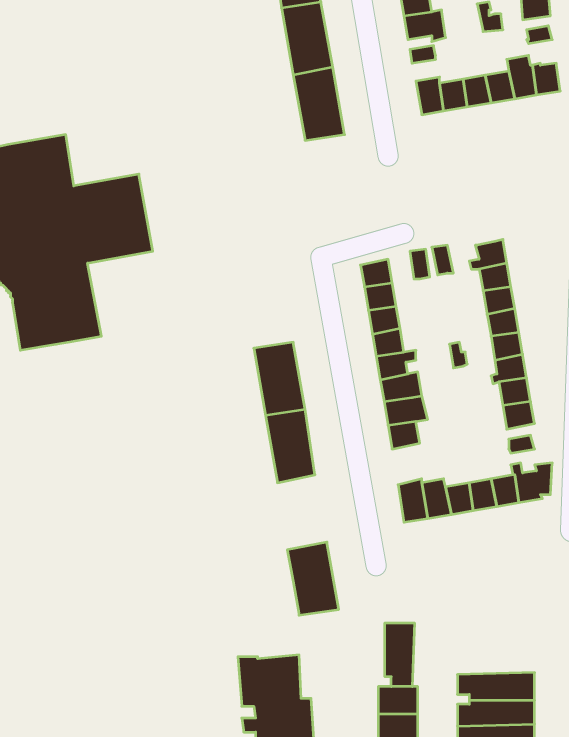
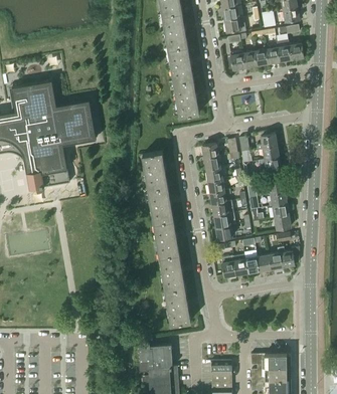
building: none -> [174,80,199,118]
building: none -> [142,152,168,189]
building: none -> [160,253,185,291]
building: [385,623,414,687] -> none

